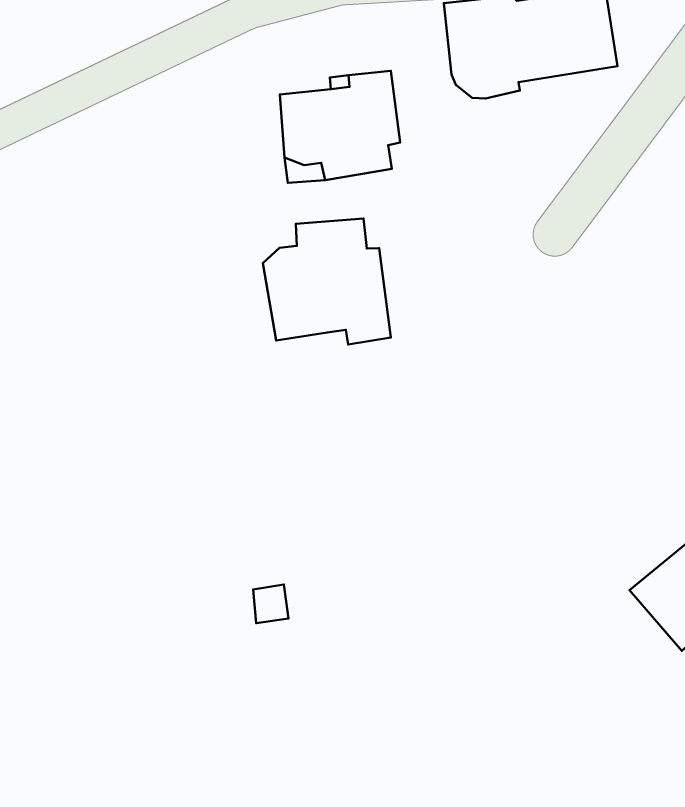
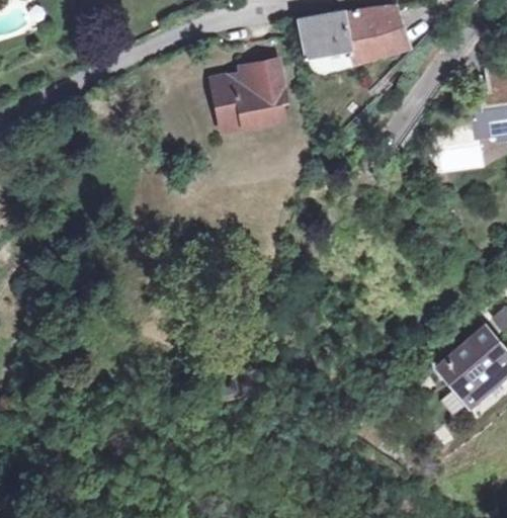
building: [263,218,391,345] -> none

